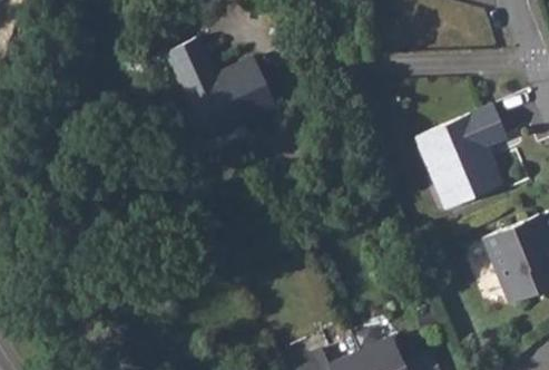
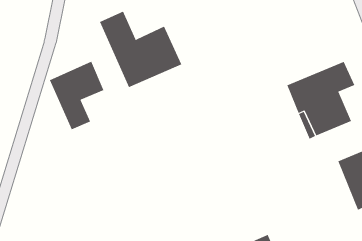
building: none -> [49,61,104,130]

